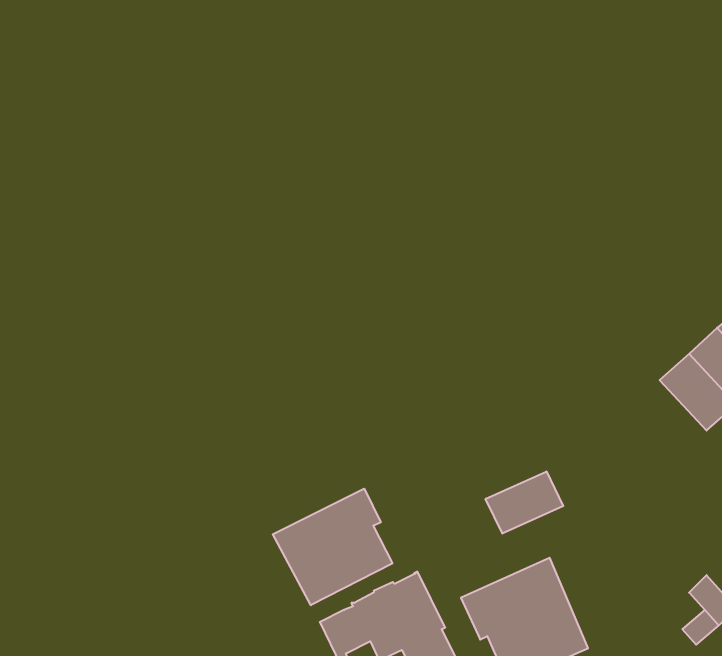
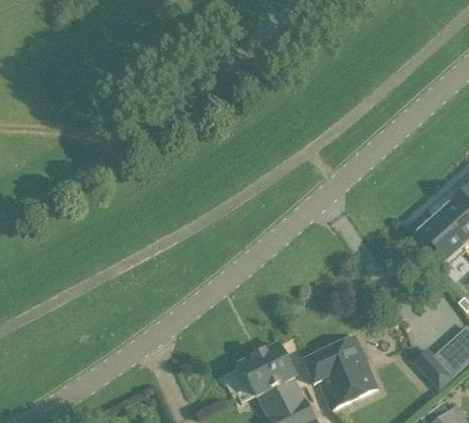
building: [486,471,563,534] -> none
building: [273,489,392,605] -> none

